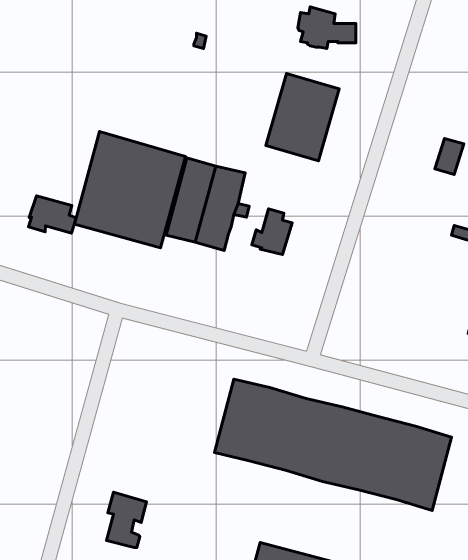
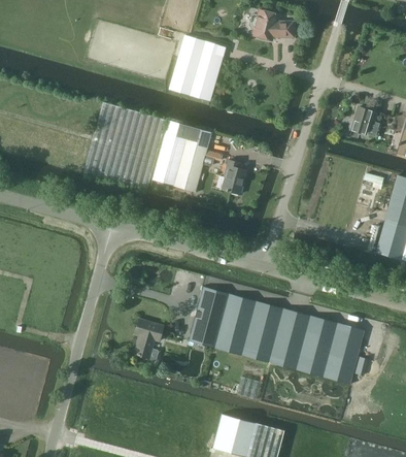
building: [266,74,339,161] -> [169,35,224,100]
building: [29,196,76,233] -> none
building: [106,492,147,547] -> [133,319,163,360]

